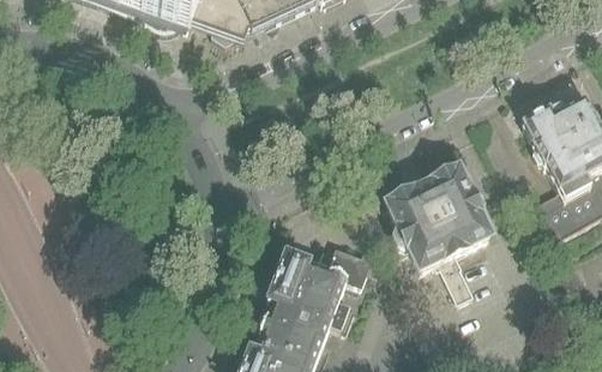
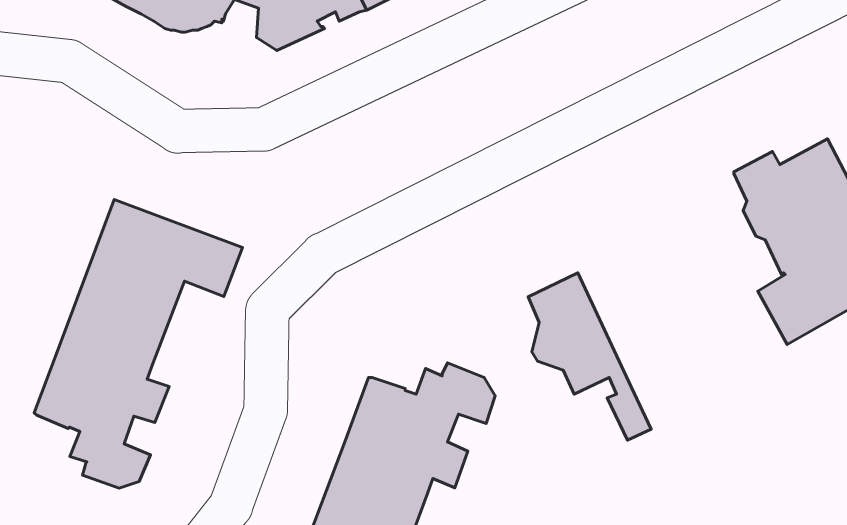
building: none -> [34,200,242,488]
building: [423,164,489,257] -> none

